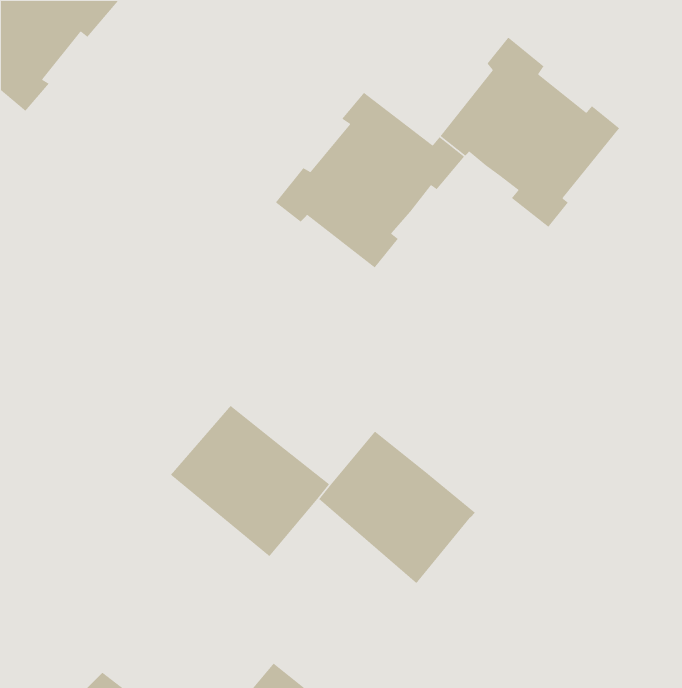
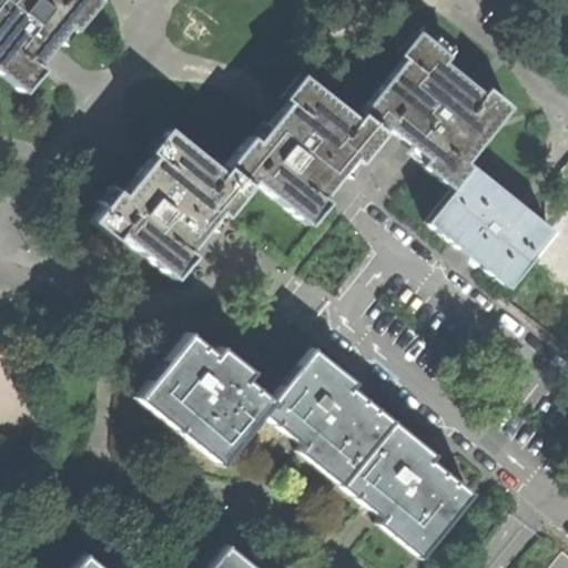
building: none -> [97,131,253,277]
building: none -> [429,168,555,286]
building: none -> [346,427,474,551]

